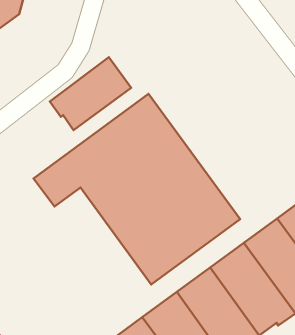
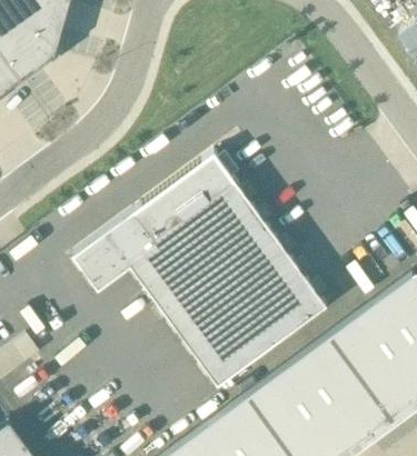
building: [50,57,131,130] -> none

